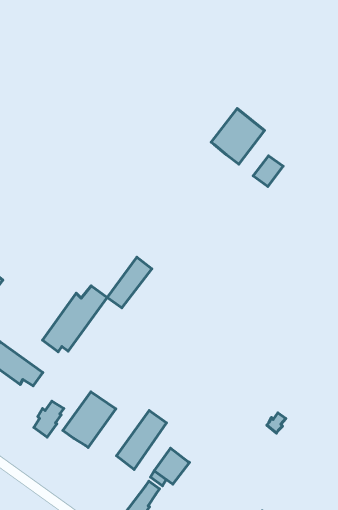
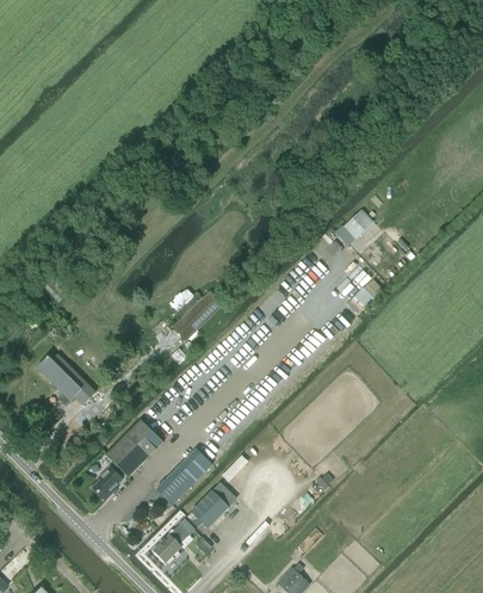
building: [211,108,265,164] -> none
building: [42,286,107,352] -> none
building: [34,401,64,437] -> [92,464,125,500]

